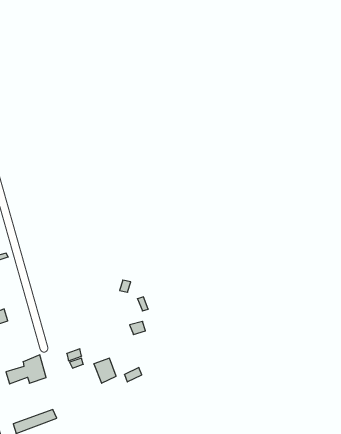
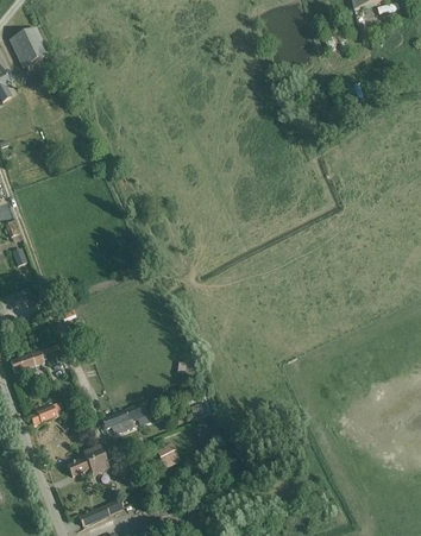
building: none -> [101,403,147,434]

